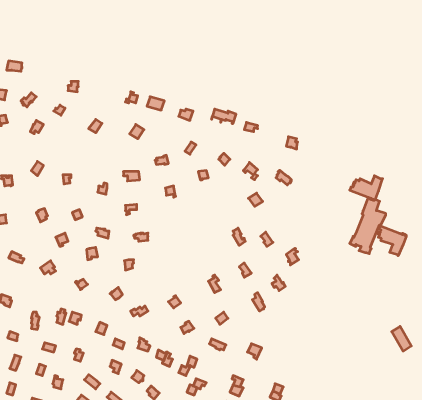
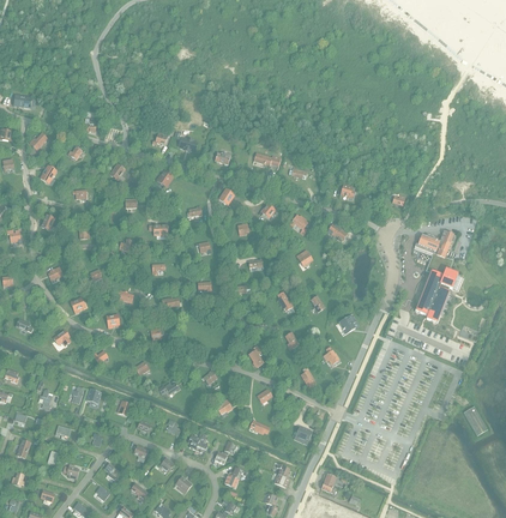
building: [378,226,406,256] -> none

